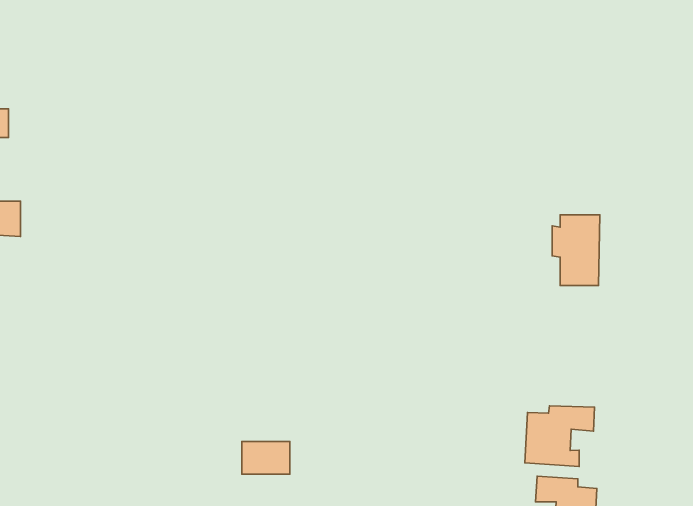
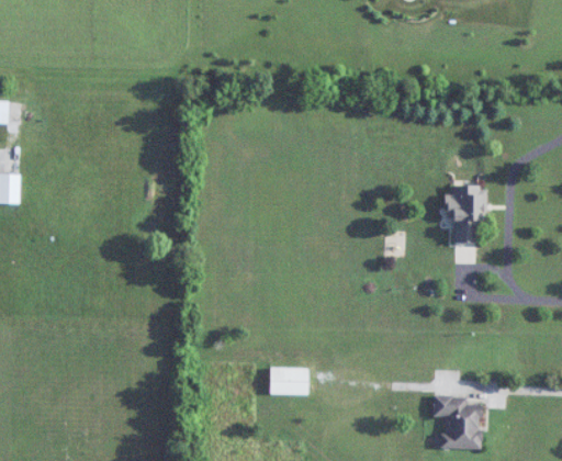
building: [525,406,595,466] -> none
building: [242,442,290,474] -> [269,368,307,394]

